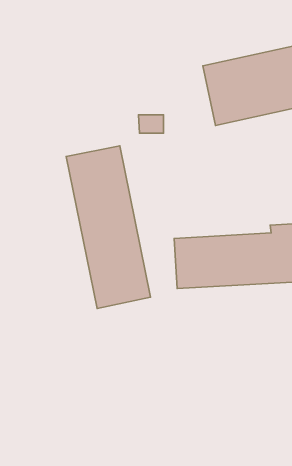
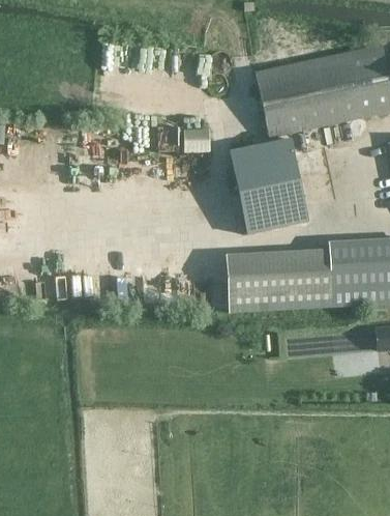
building: none -> [230,138,307,232]
building: [66,146,150,309] -> none

